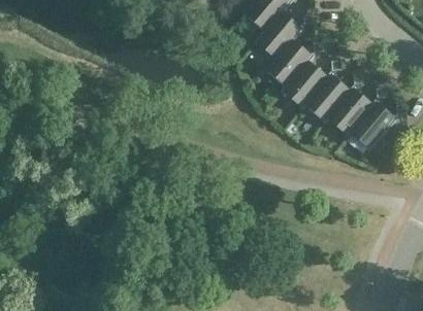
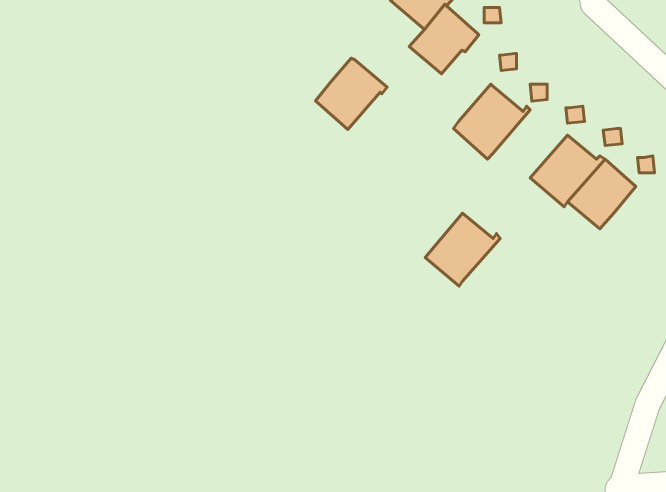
building: [268,41,312,84] -> [316,58,387,130]
building: [308,77,354,122] -> [425,213,500,286]

